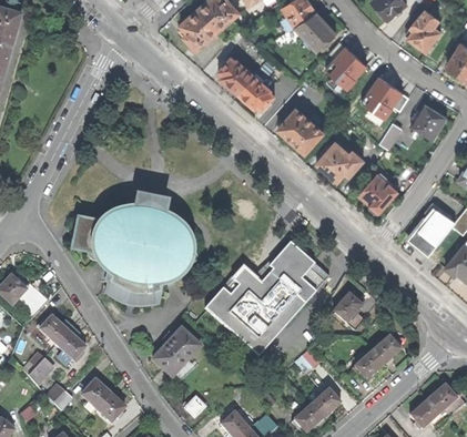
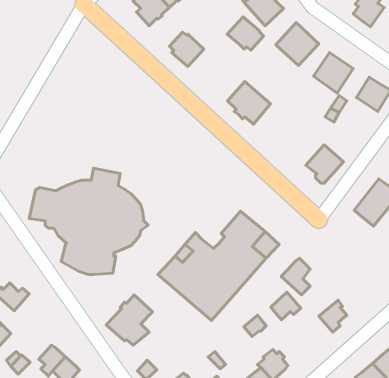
building: [236,74,274,109] -> [227,17,264,50]
building: [316,140,363,181] -> none
building: [57,327,85,363] -> none
building: [355,350,386,379] -> [271,292,301,320]

